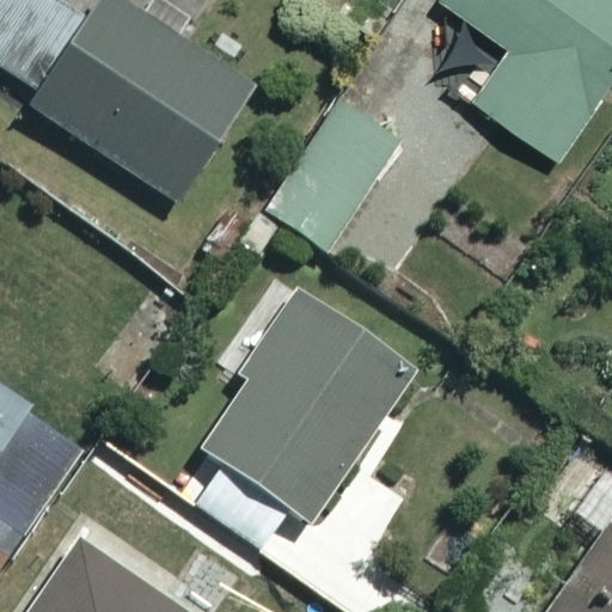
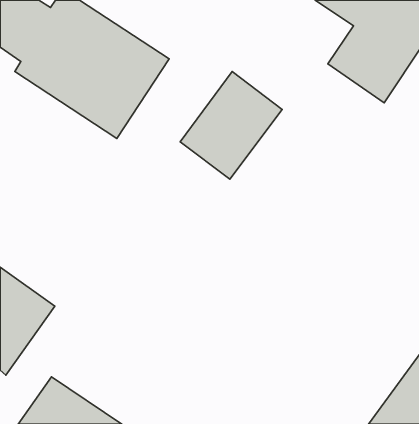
building: [196,299,411,547] -> none

